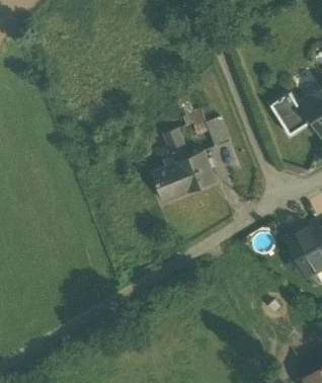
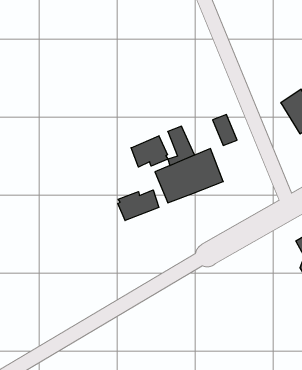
building: none -> [131,136,168,167]
building: none -> [118,190,159,221]

